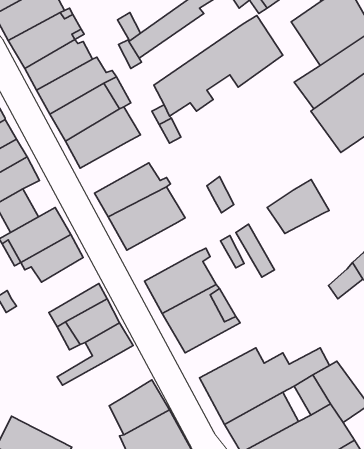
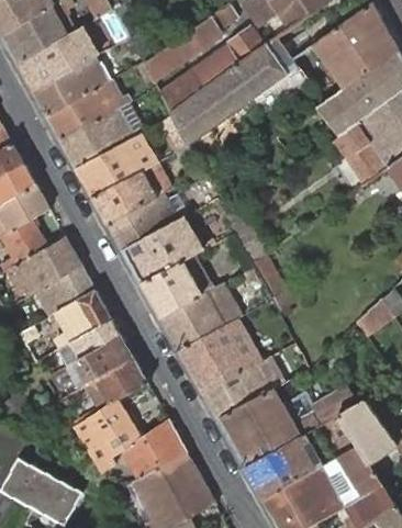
building: none -> [158,27,264,109]
building: none -> [91,161,167,223]
building: [267,180,329,233] -> none
building: none -> [141,254,213,316]
building: none -> [31,291,111,348]
building: none -> [202,357,282,418]
building: none -> [72,402,138,472]

